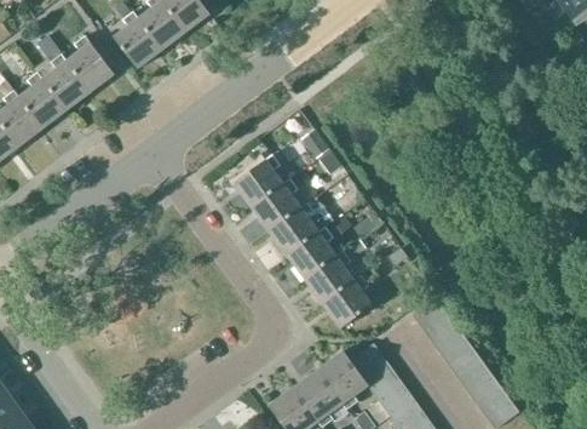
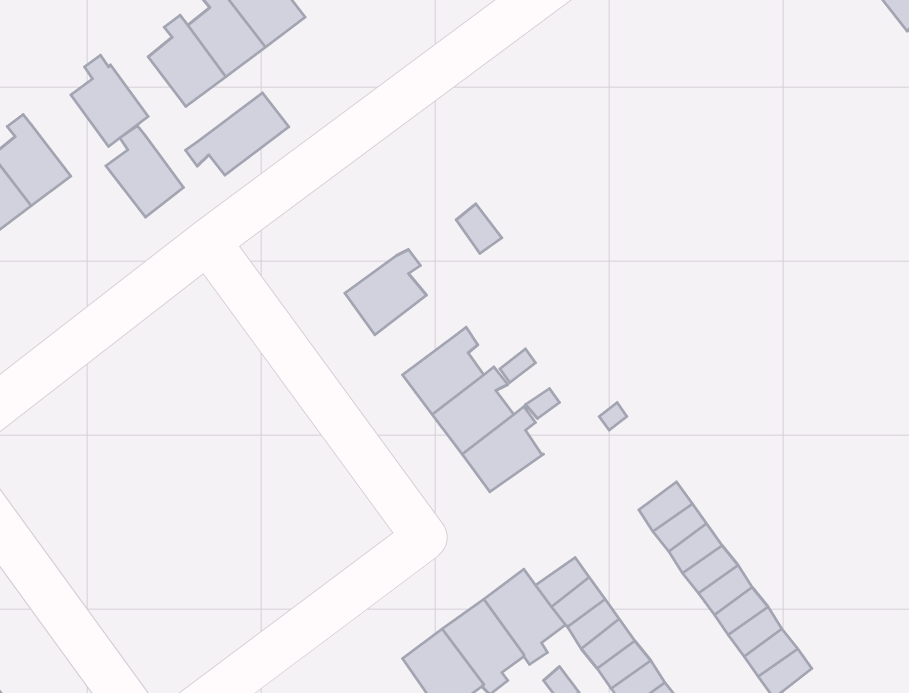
building: [42,55,90,110] -> [106,126,183,217]
building: none -> [185,93,289,175]
building: [252,178,301,231] -> none
building: [322,275,373,328] -> none

